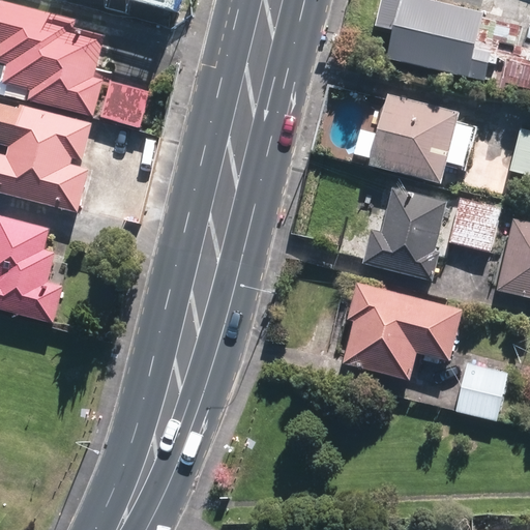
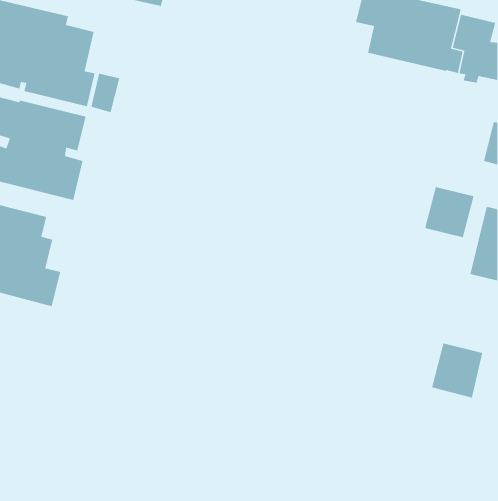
building: [370,94,461,184] -> none
building: [362,187,447,279] -> none
building: [343,283,464,380] -> none

